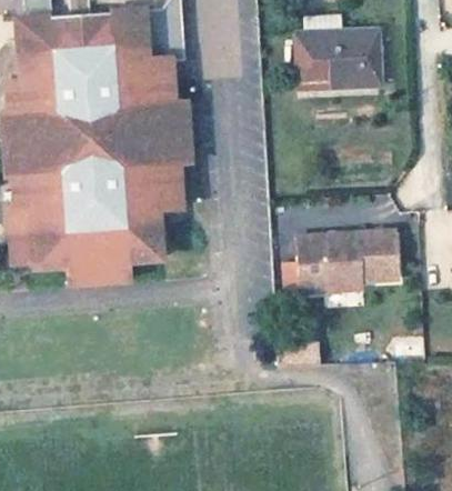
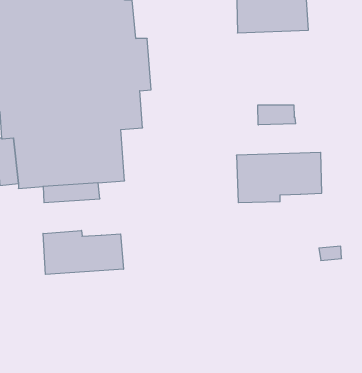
building: none -> [258,105,296,125]
building: none -> [43,230,123,274]

